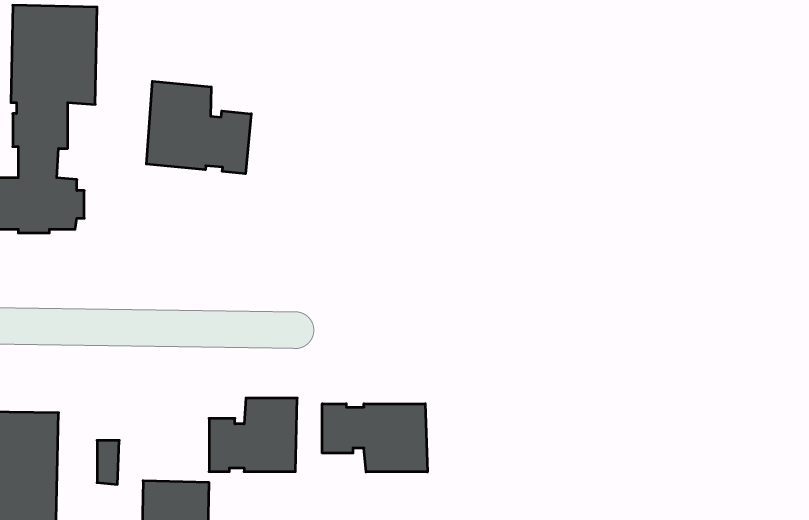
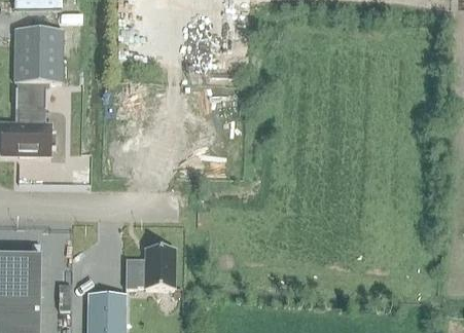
building: [146,81,251,174] -> none
building: [322,404,427,472] -> none

